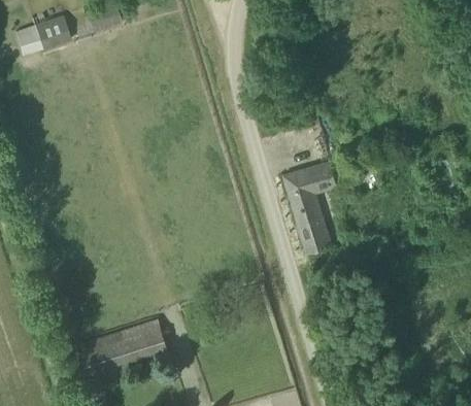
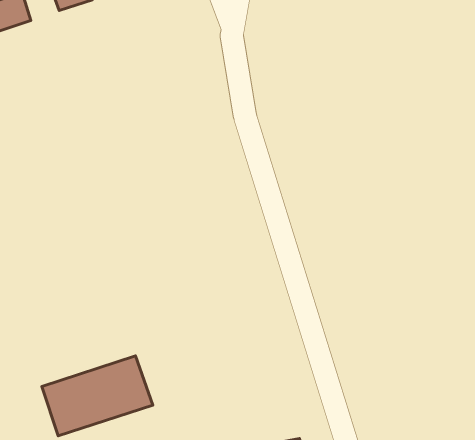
building: [282,161,337,253] -> none

